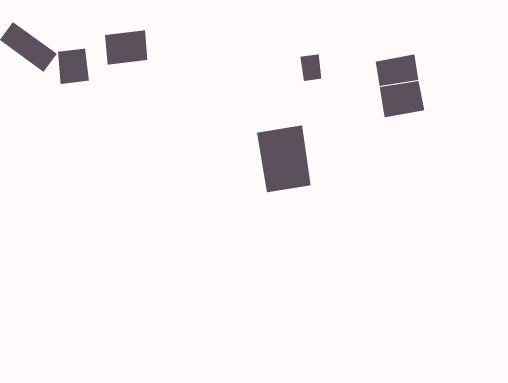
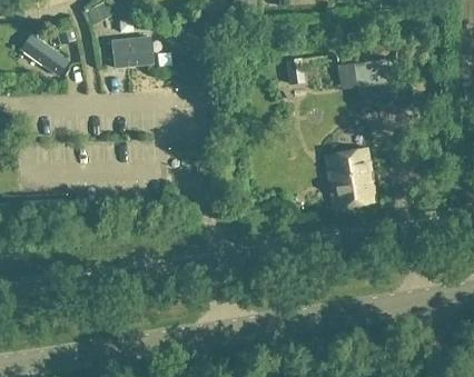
building: [57,48,90,85] -> none
building: [256,125,312,193] -> [326,149,375,209]

